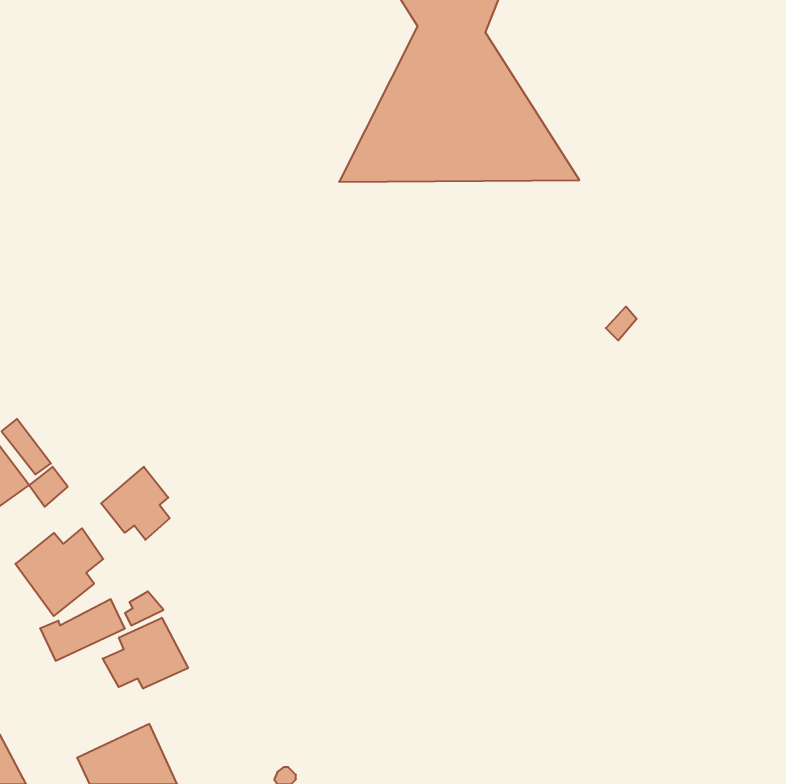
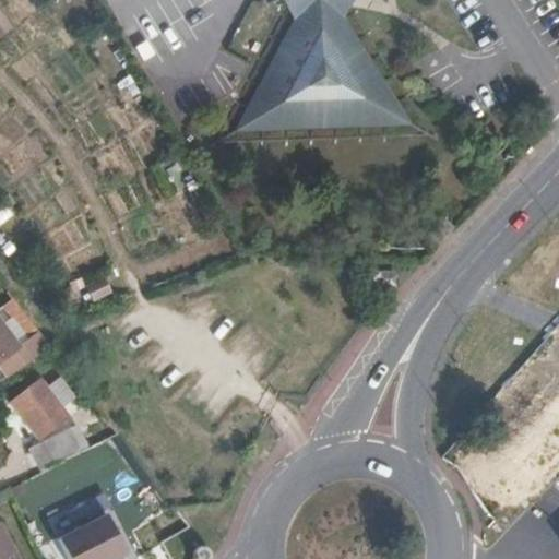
building: [101,467,170,540] -> none
building: [103,618,188,689] -> none

